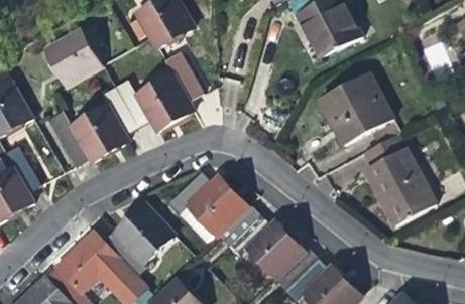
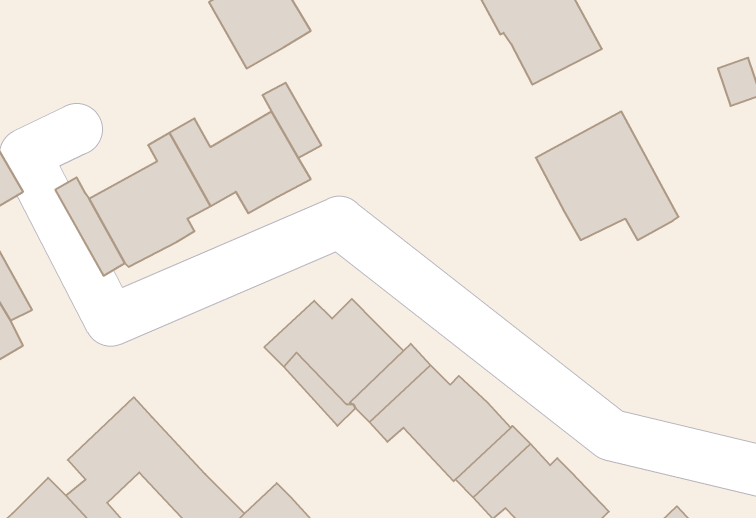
building: [44,26,104,86] -> none
building: [365,132,437,223] -> none
building: [104,204,173,275] -> none

